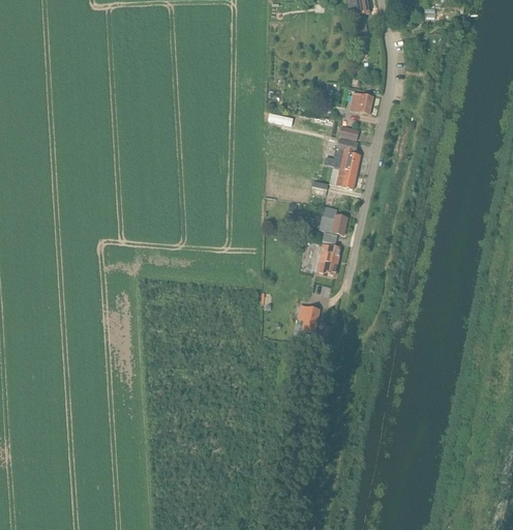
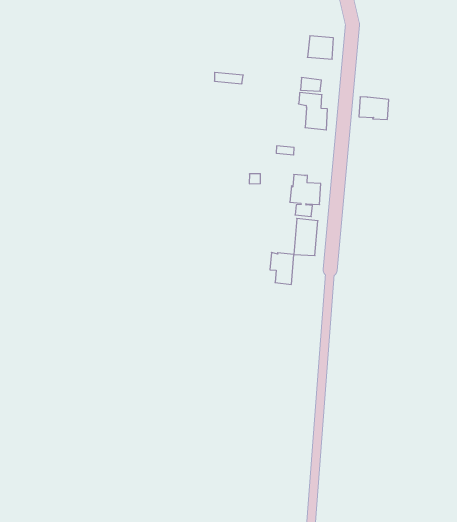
building: [330,166,357,187] -> [359,97,389,119]
building: [298,303,320,332] -> [270,252,294,284]

